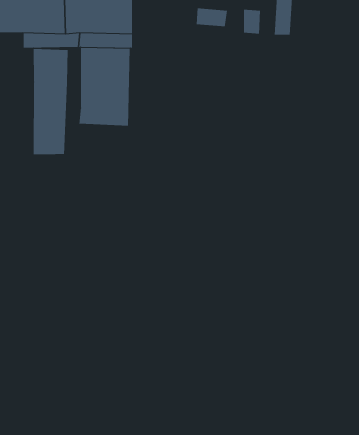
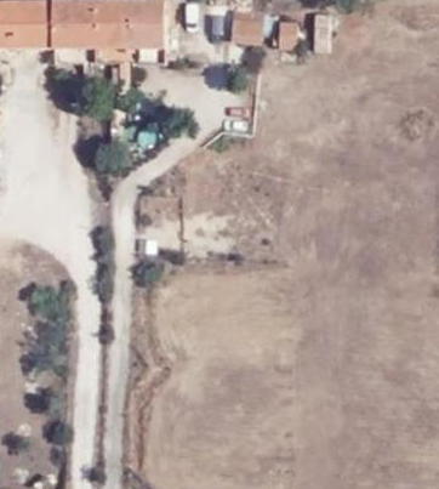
building: [79,47,130,127] -> none
building: [33,48,68,155] -> none

